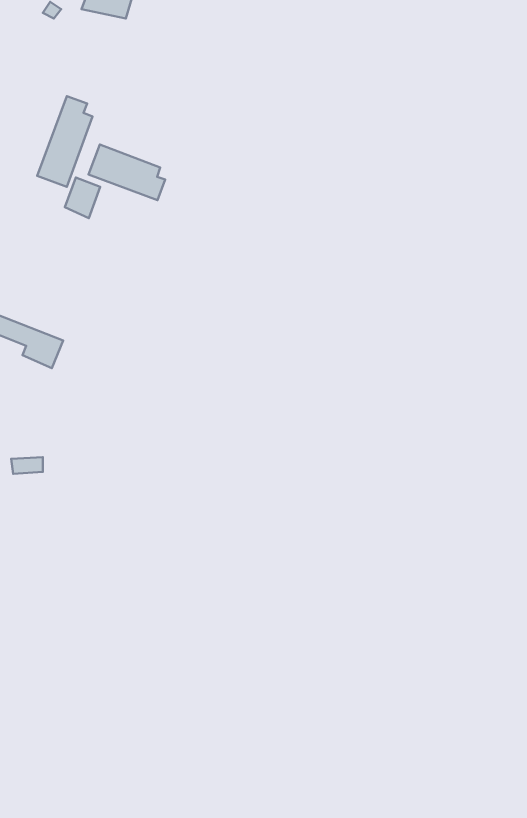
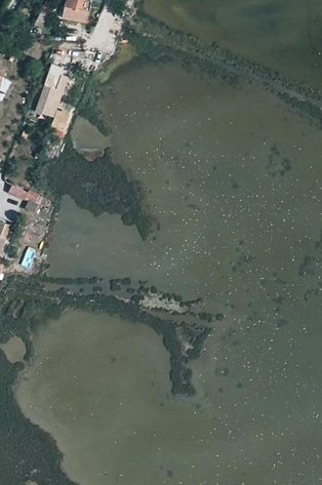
building: [89,145,165,200] -> none

